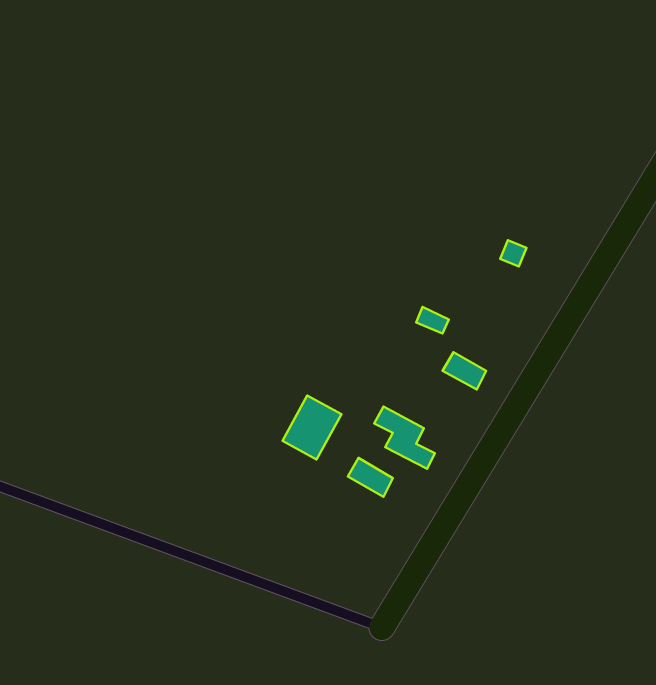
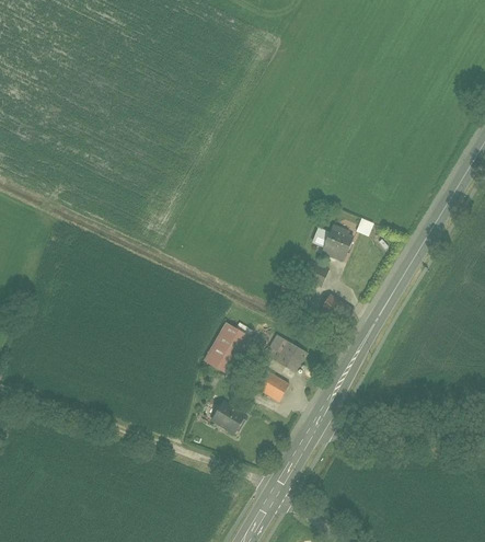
building: none -> [322,224,354,260]
building: none -> [212,402,245,434]

